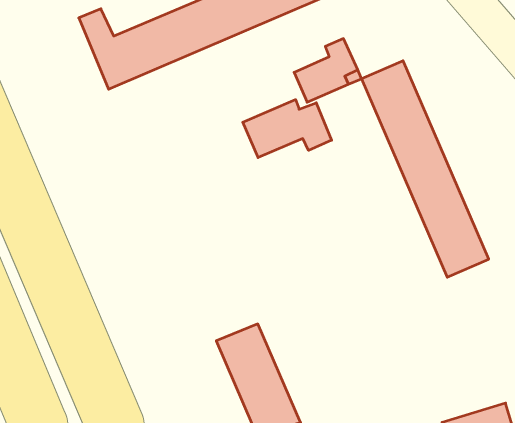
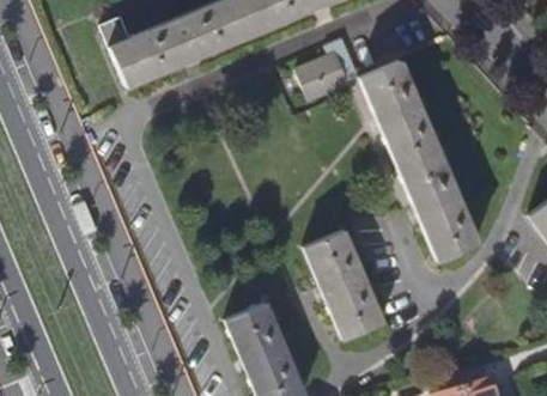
building: [243,100,332,158] -> none
building: none -> [308,230,385,337]

